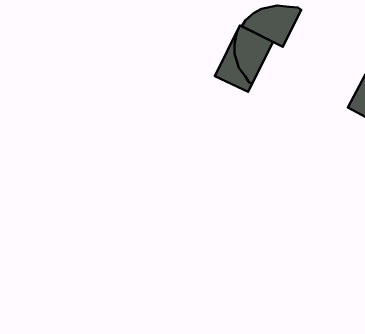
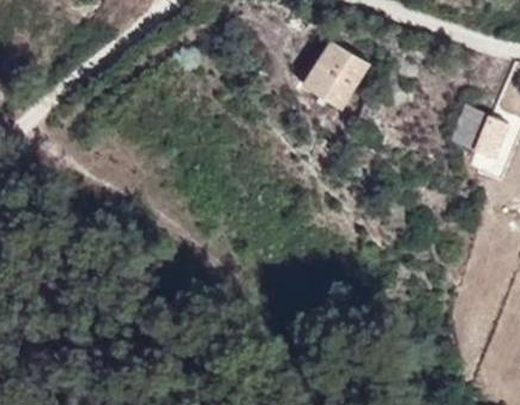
building: [242,6,301,47] -> none

